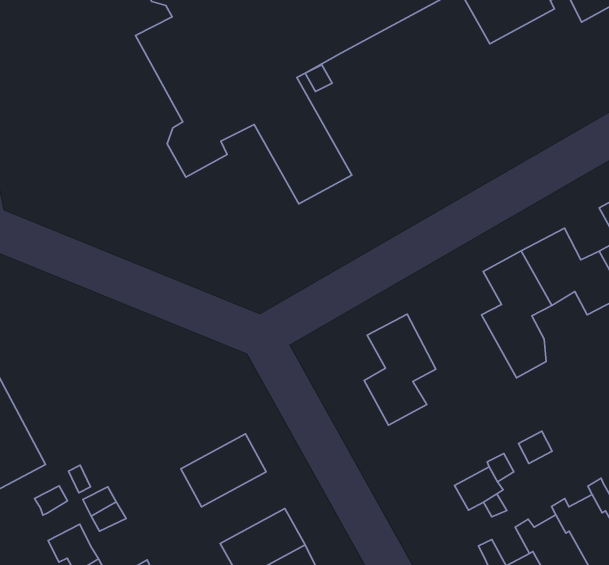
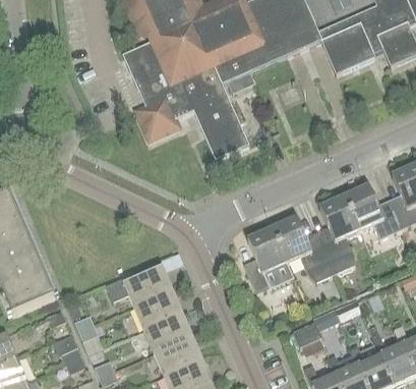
building: none -> [274,216,335,278]
building: none -> [107,266,173,307]
building: none -> [143,313,192,352]

